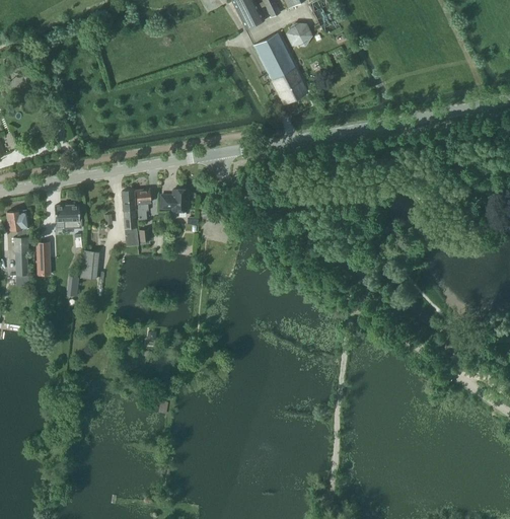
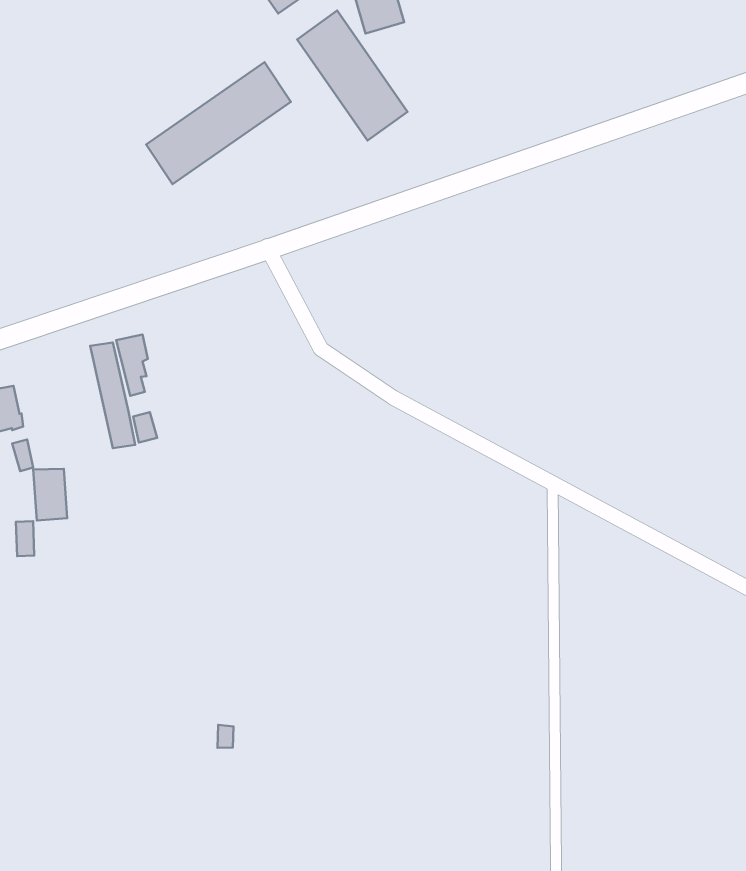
building: none -> [146,62,291,184]
building: [161,189,188,211] -> none

